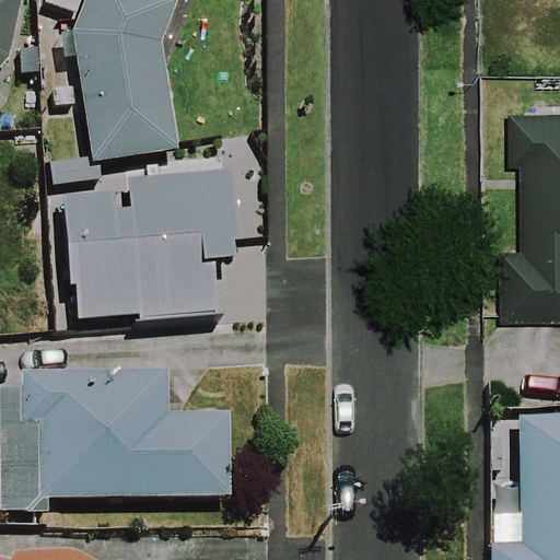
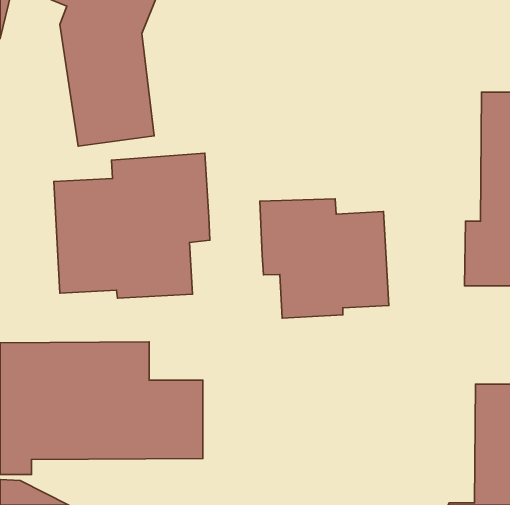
building: none -> [260,199,389,318]

